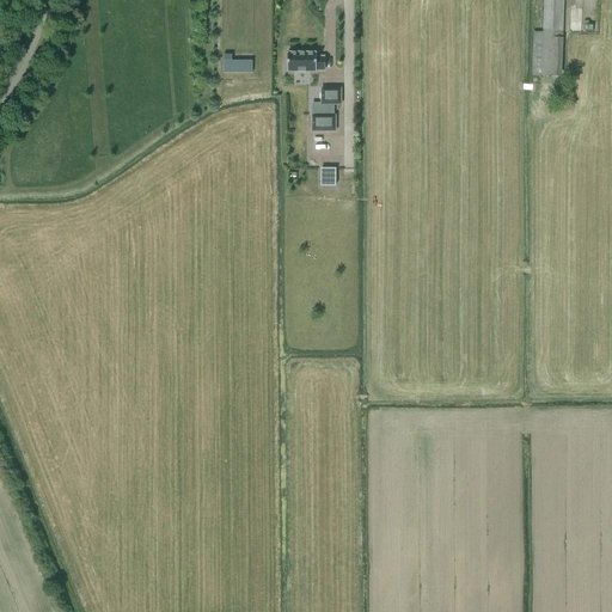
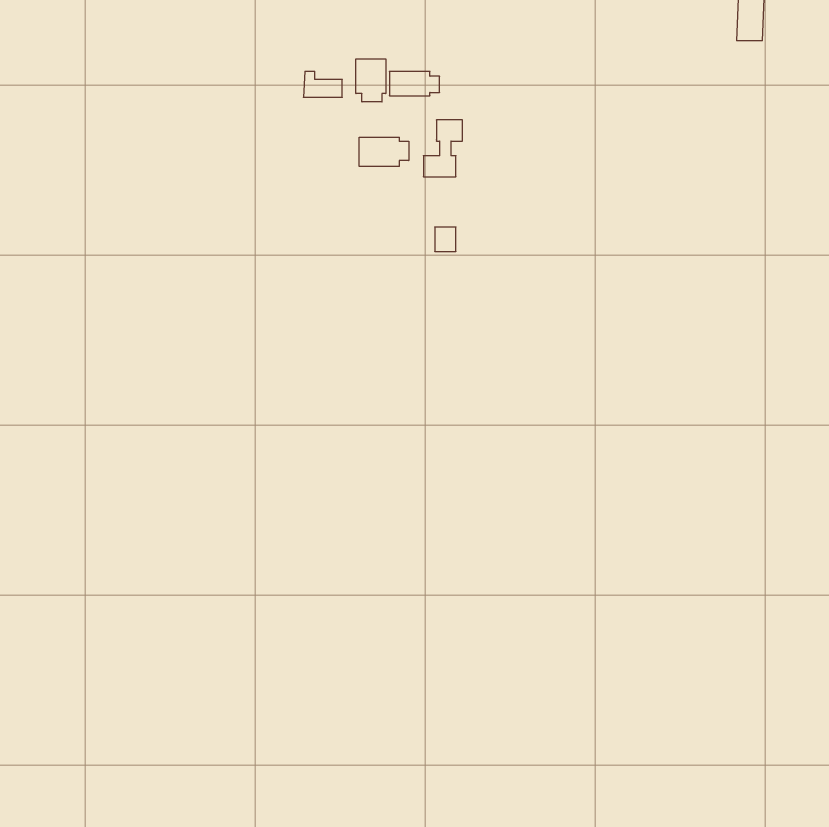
building: none -> [356,59,386,102]
building: none -> [359,137,409,166]

